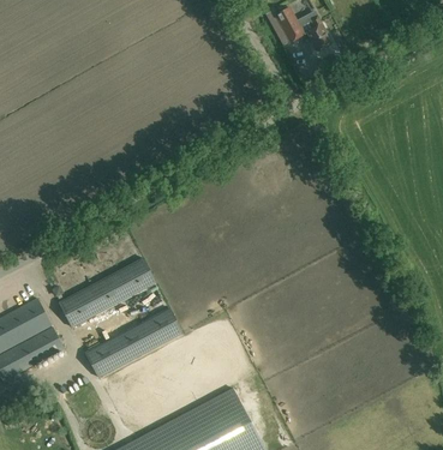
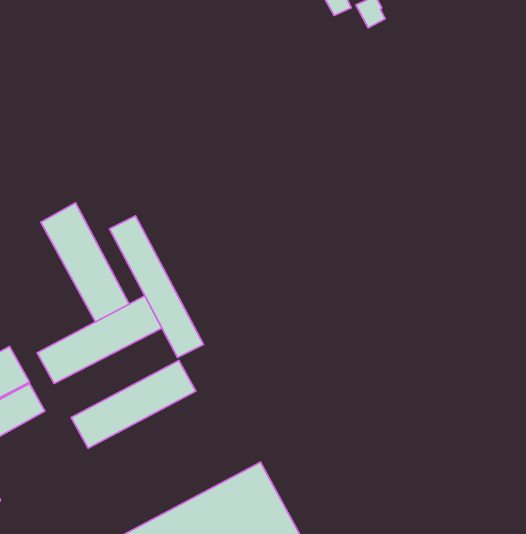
building: none -> [41,203,129,322]
building: none -> [110,216,203,357]

